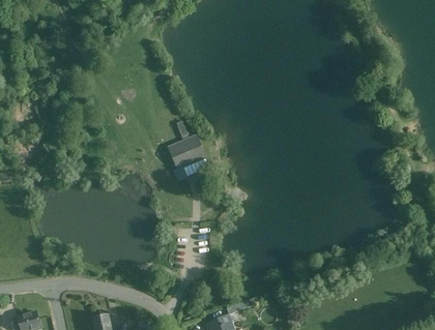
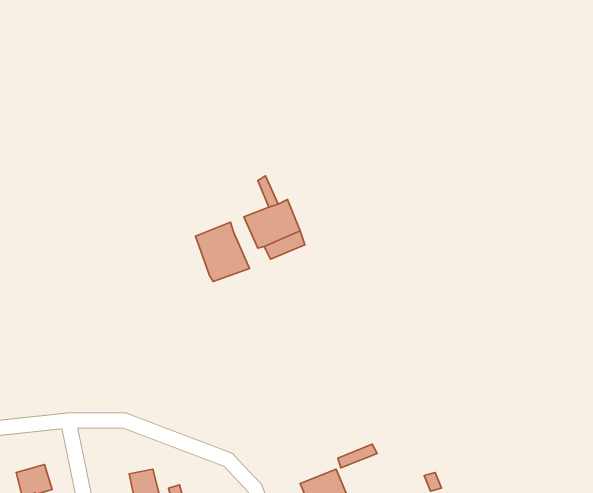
building: none -> [195,222,249,281]

